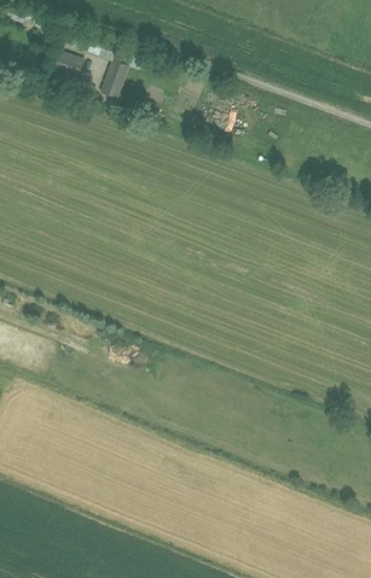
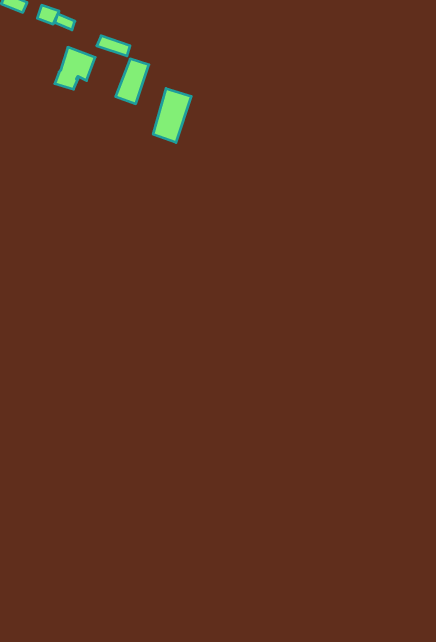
building: none -> [153,88,191,143]

